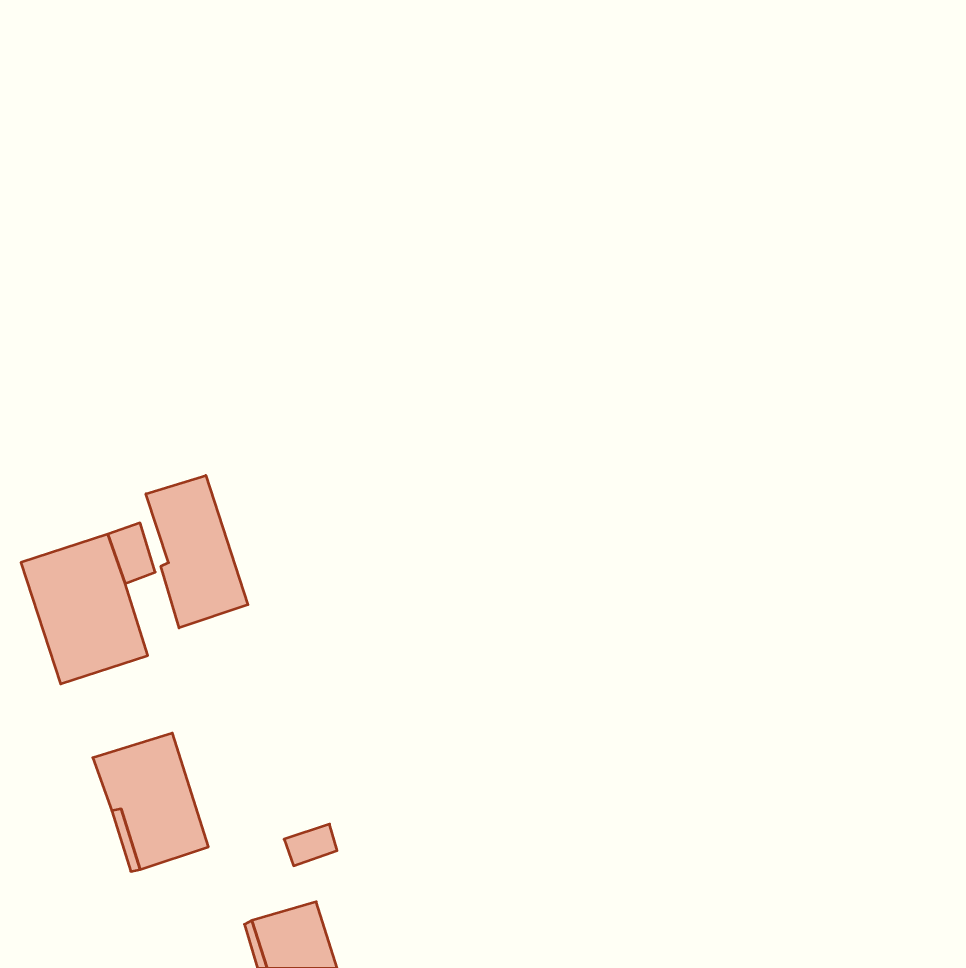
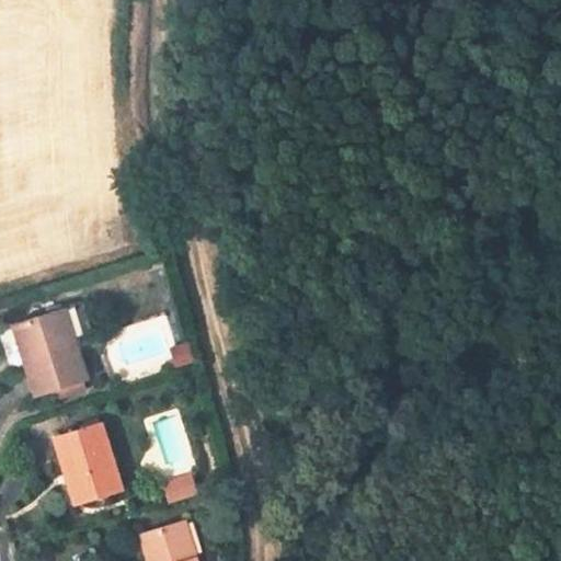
building: [146,475,248,628] -> none

